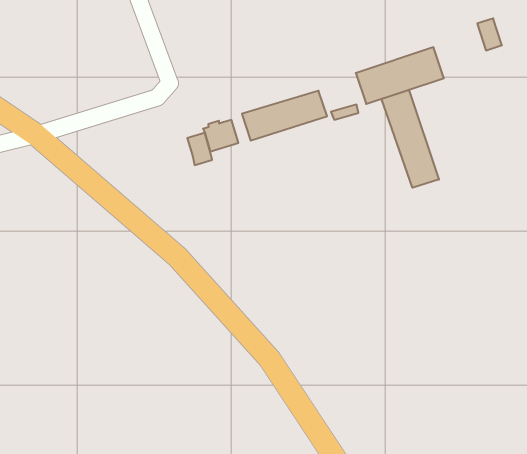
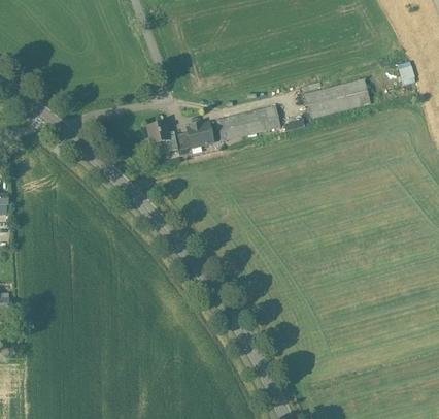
building: [382,90,439,188] -> none
building: none -> [147,121,177,151]

